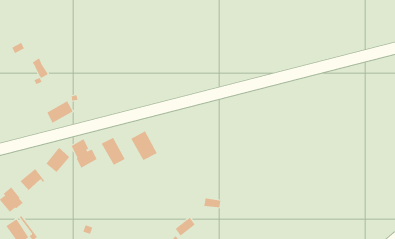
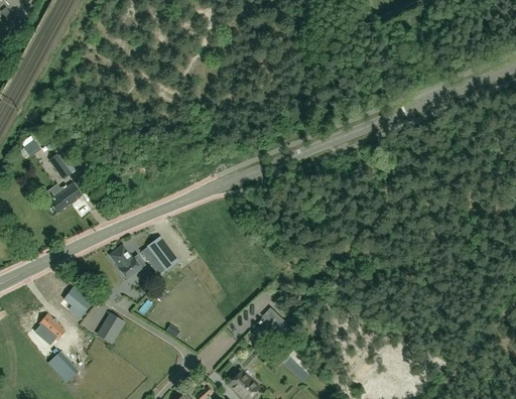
building: [46,101,74,124] -> [48,183,81,214]
building: [131,130,158,161] -> none
building: [46,147,70,173] -> [96,312,124,344]

